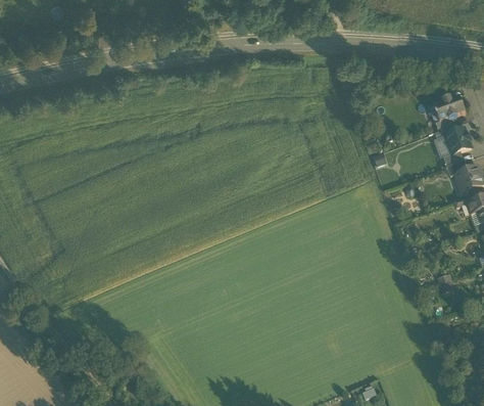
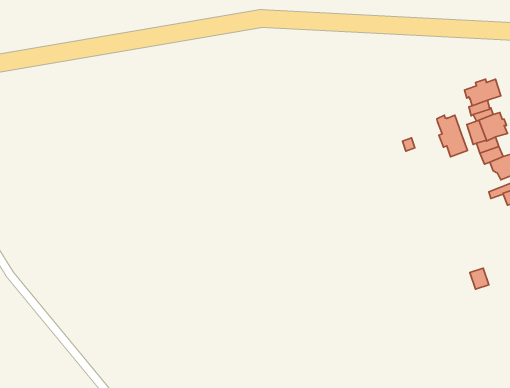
building: none -> [437,115,468,157]

